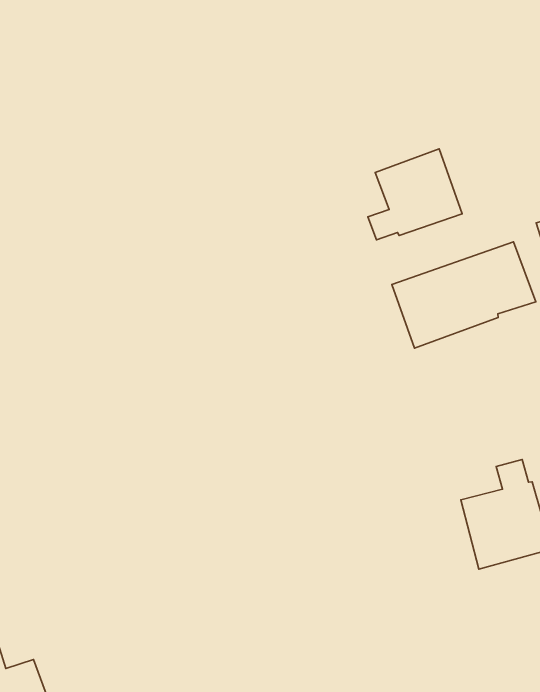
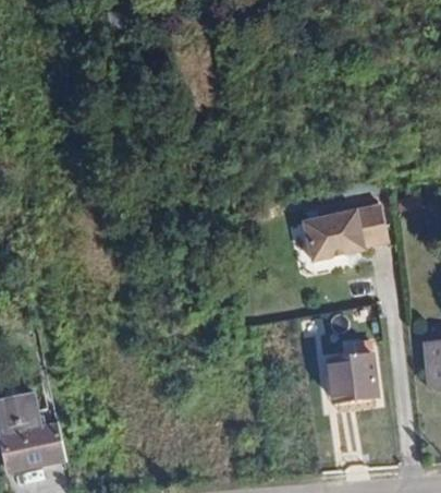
building: [368,149,462,240] -> none

